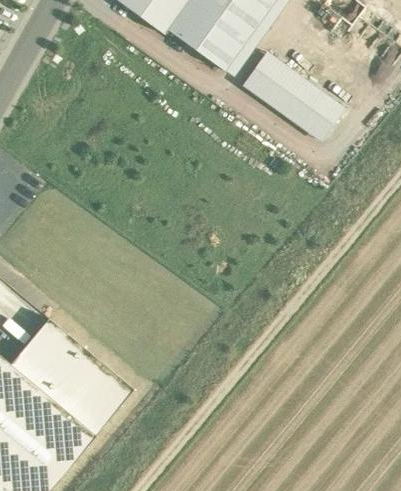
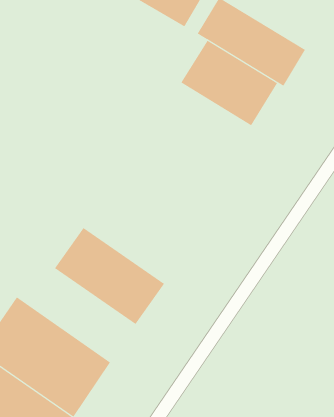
building: none -> [180,40,278,126]
building: none -> [54,227,165,325]

